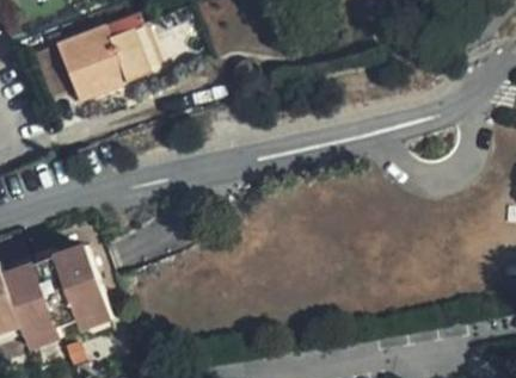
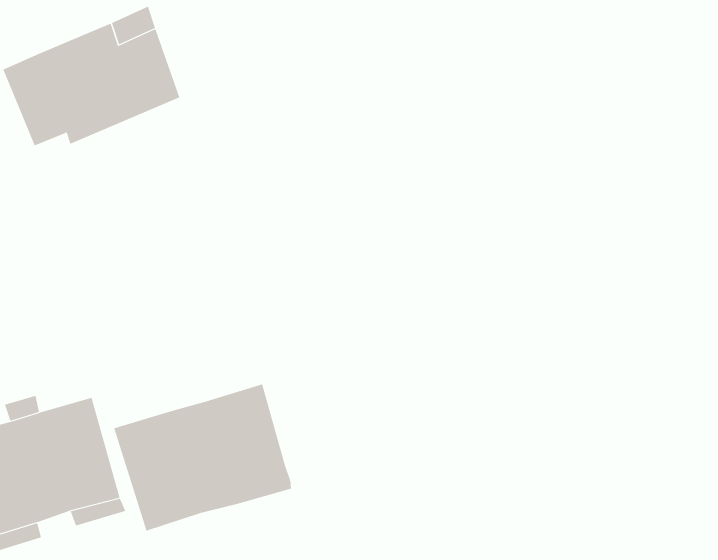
building: none -> [114,383,292,532]

